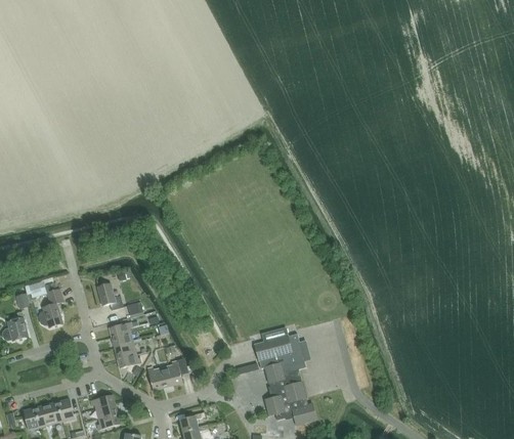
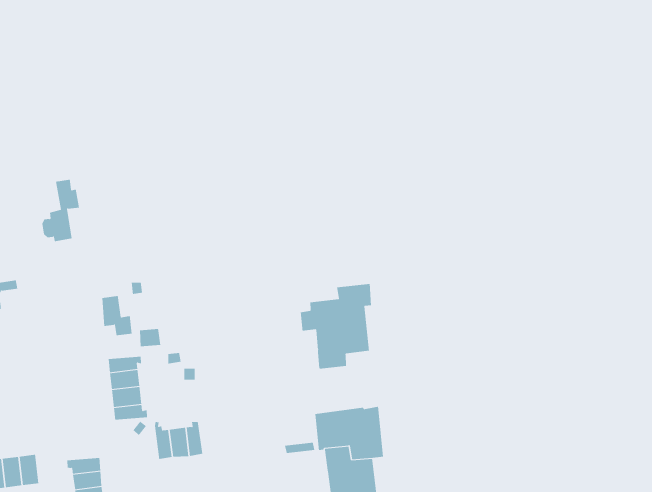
building: none -> [300,283,372,369]
building: [39,282,63,326] -> [42,179,80,242]

